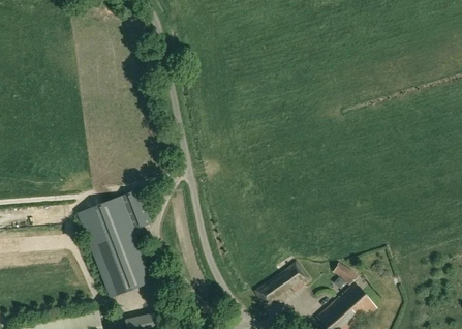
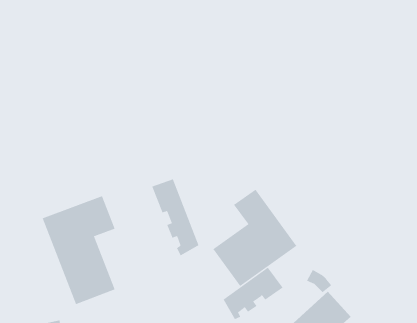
building: none -> [152,178,199,256]
building: none -> [213,189,297,287]

